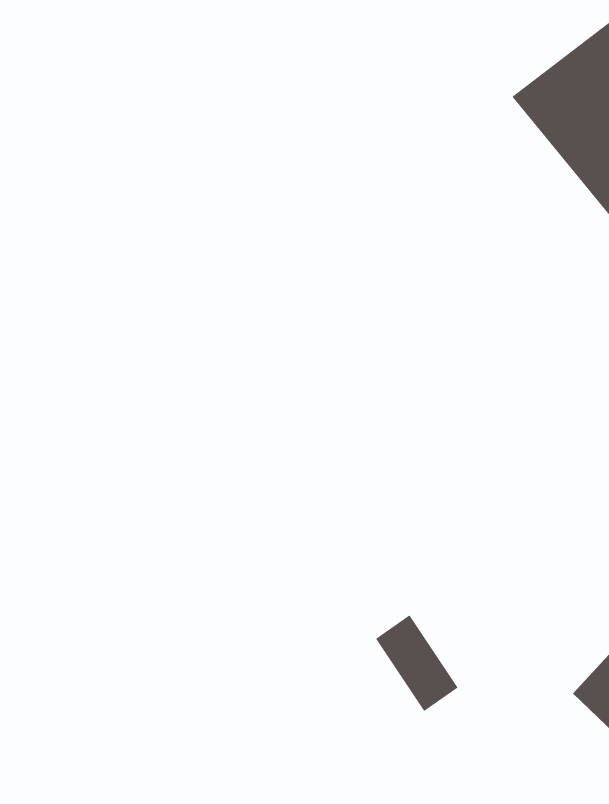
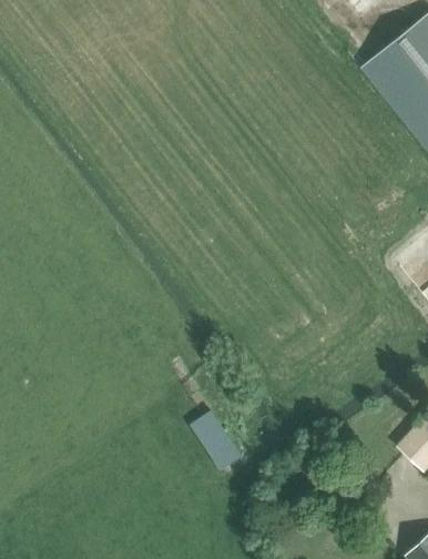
building: [375,614,458,712] -> [192,407,245,469]

